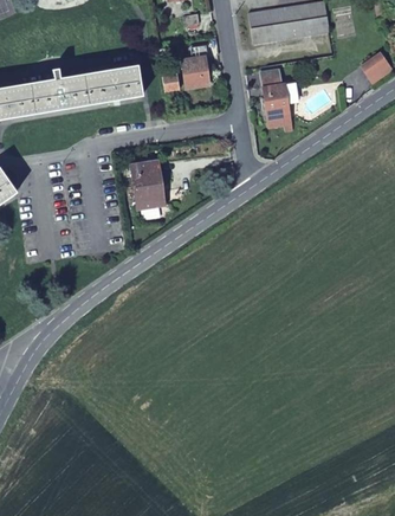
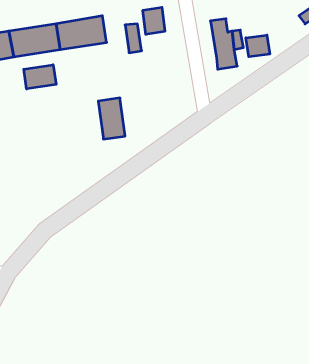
building: none -> [246,35,270,57]
building: none -> [24,65,56,89]

